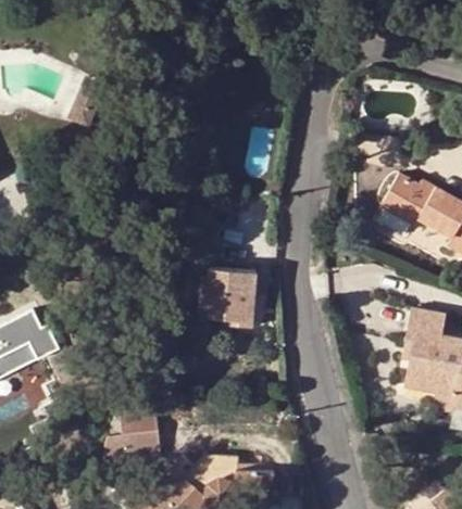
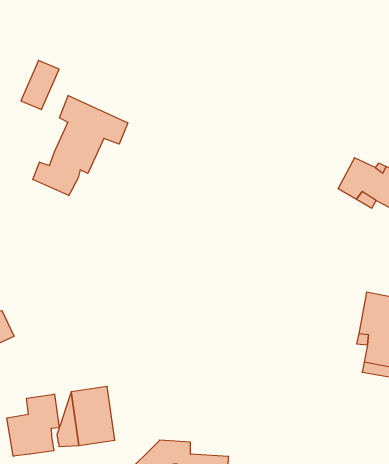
building: none -> [33,95,128,196]
building: [200,268,254,328] -> none
building: none -> [7,394,59,456]

